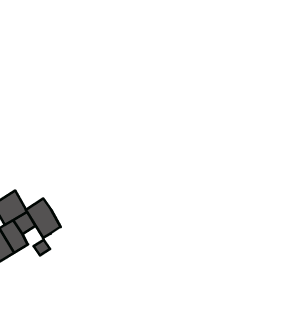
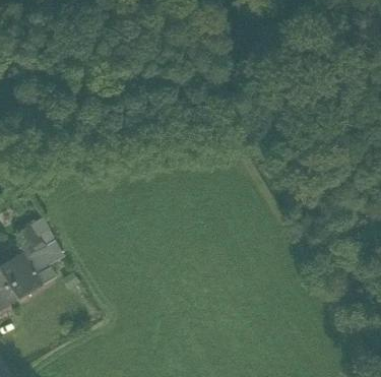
building: [26,199,61,238] -> none

